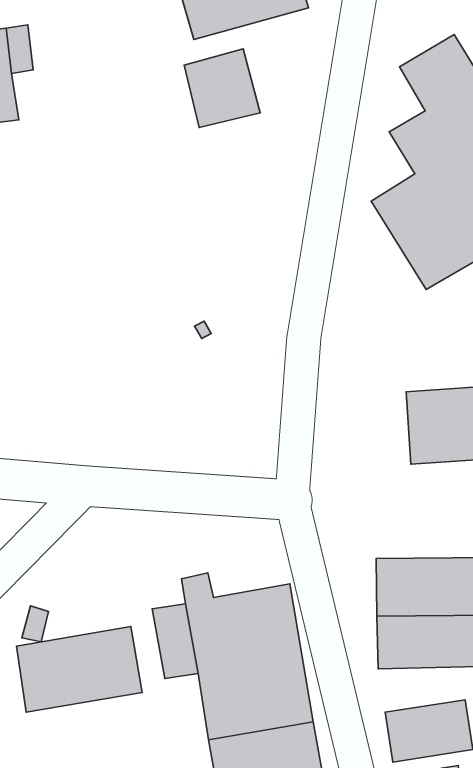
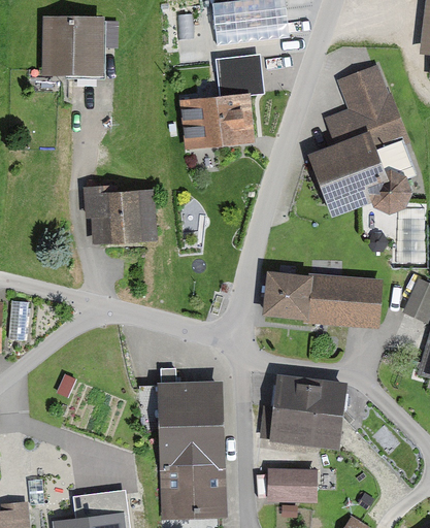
building: none -> [180,94,255,151]
building: none -> [84,188,157,244]
building: none -> [263,272,312,321]
building: [17,626,142,712] -> none

